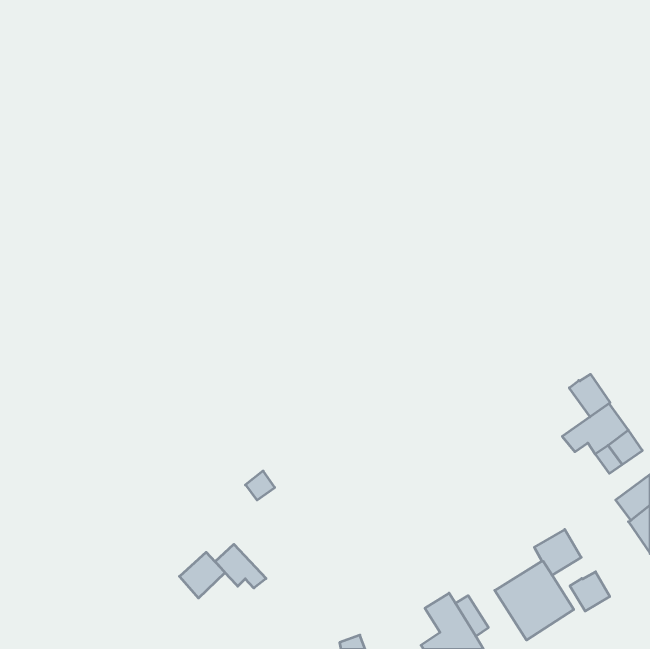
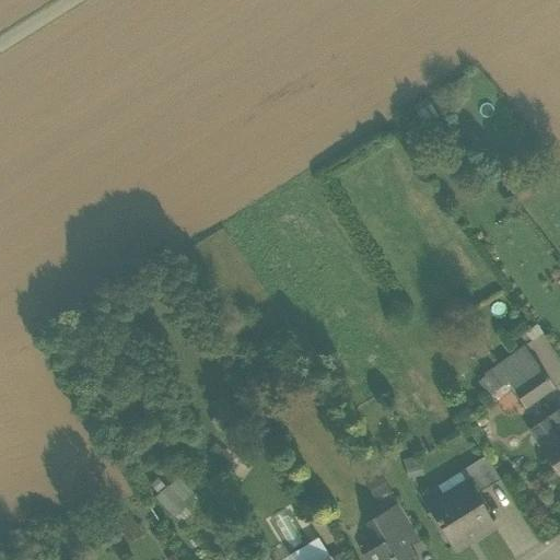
building: [569,374,610,417] -> none
building: [215,544,266,588] -> none
building: [570,572,610,611] -> none

